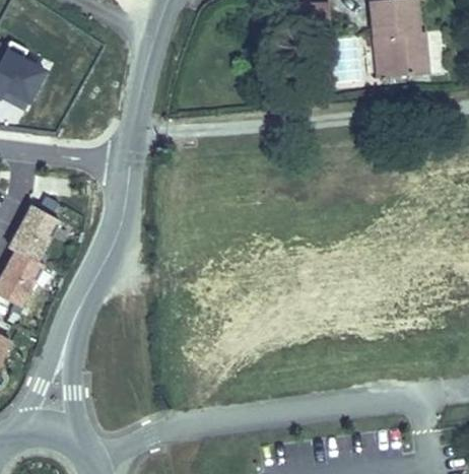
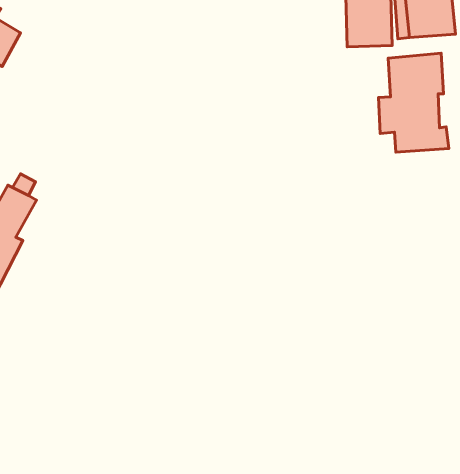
building: none -> [378,53,449,152]

